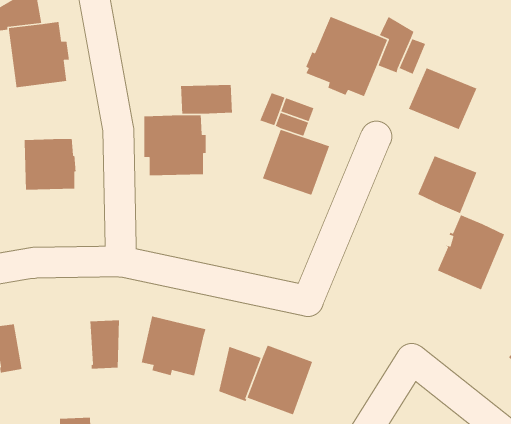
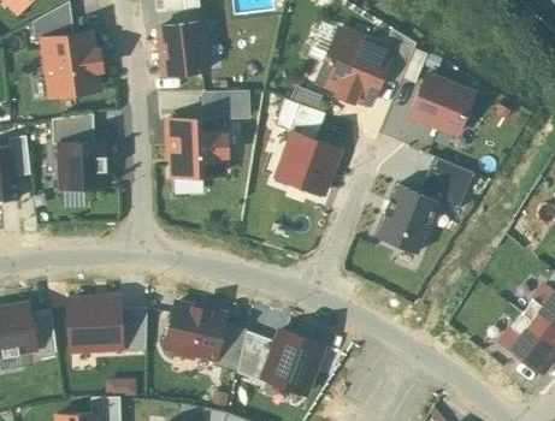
building: none -> [159,22,206,76]
building: none -> [51,113,94,144]
building: [437,214,505,291] -> [376,184,438,254]
building: none -> [67,298,120,350]
building: none -> [212,324,246,372]

